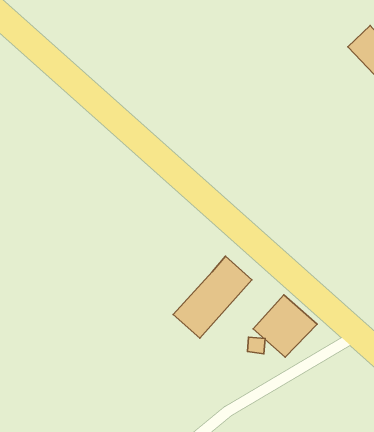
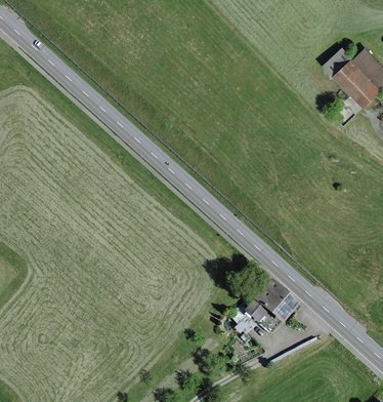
building: [173,256,252,338] -> none

